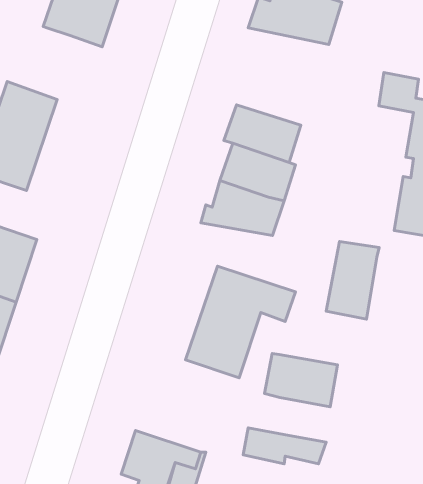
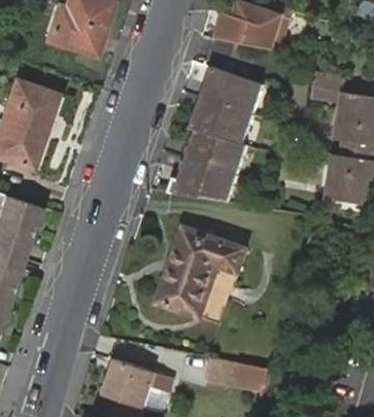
building: none -> [201,68,263,115]
building: [326,241,379,319] -> none
building: [264,354,338,407] -> none

